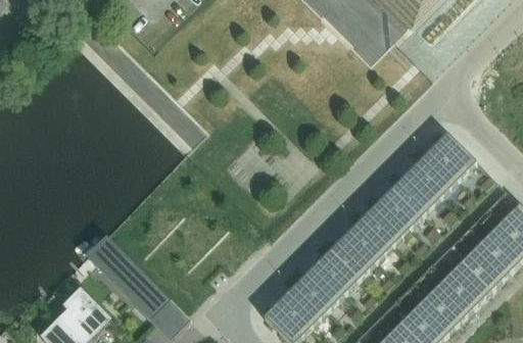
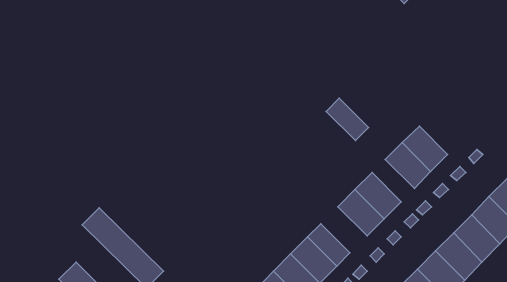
building: [427,134,474,181] -> none
building: [379,186,422,229] -> [326,98,368,141]
building: [327,234,374,281] -> none

